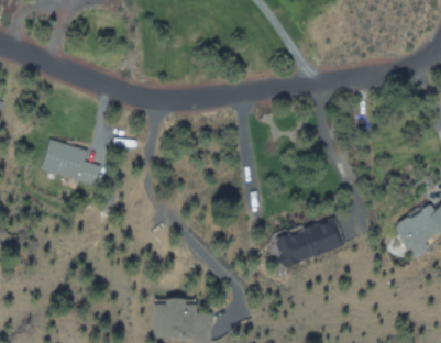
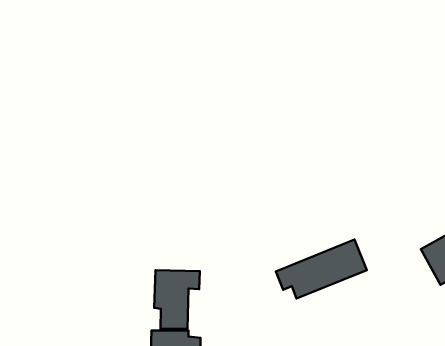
building: [41,140,99,185] -> none
building: none -> [154,270,200,329]

